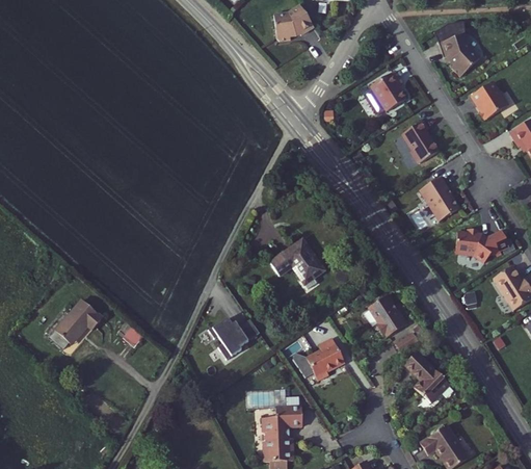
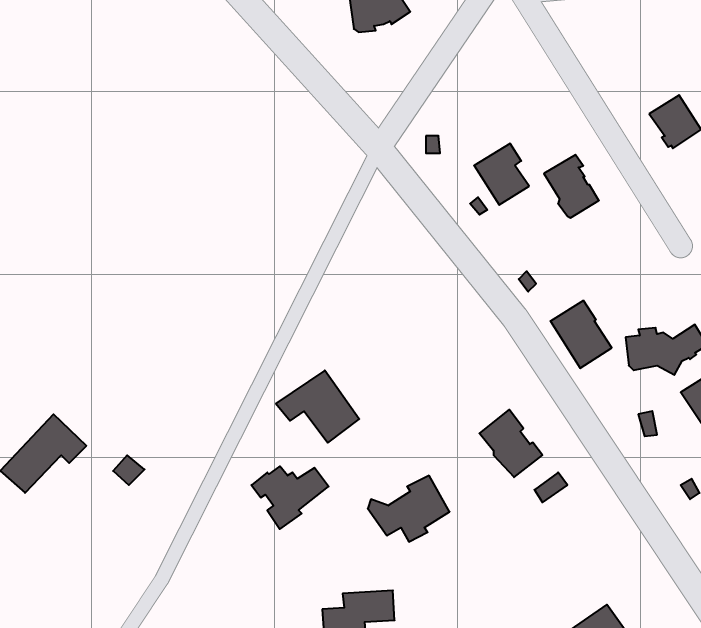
building: [446,32,486,75] -> none
building: [372,73,408,113] -> [474,144,529,205]
building: [422,178,462,223] -> [550,301,612,368]
building: [269,230,324,278] -> [276,370,359,443]
building: [399,349,446,400] -> none

